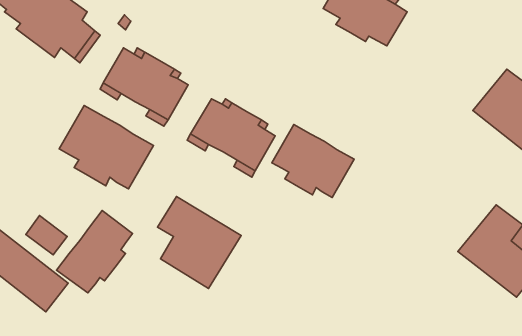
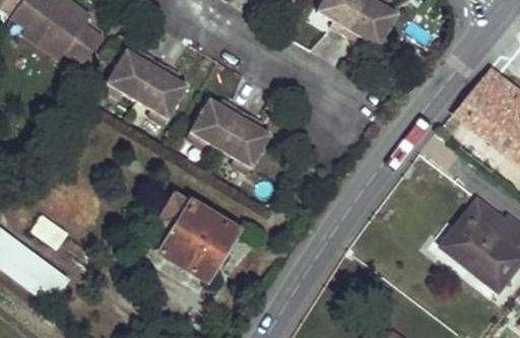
building: [59,106,153,189] -> none
building: [272,125,354,197] -> none
building: [56,210,133,293] -> none

